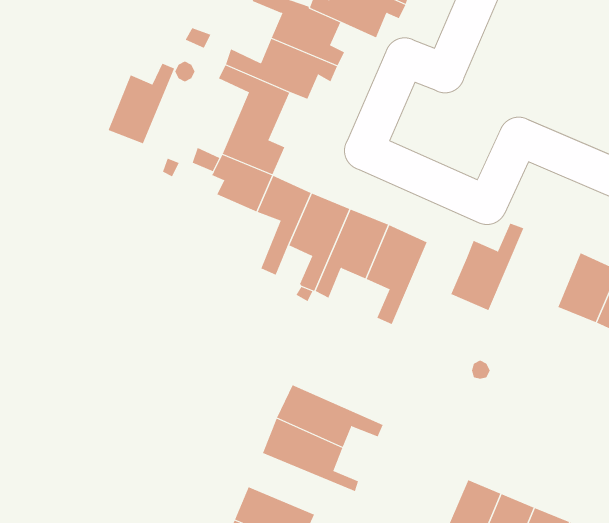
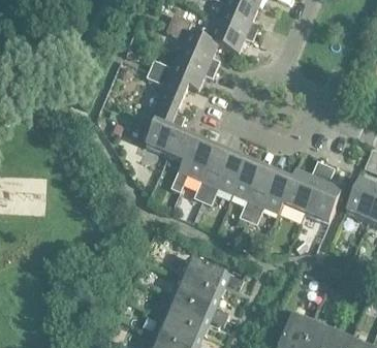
building: [108,63,175,144] -> none
building: none -> [305,163,342,222]
building: none -> [248,171,291,224]
building: none -> [163,295,226,331]

